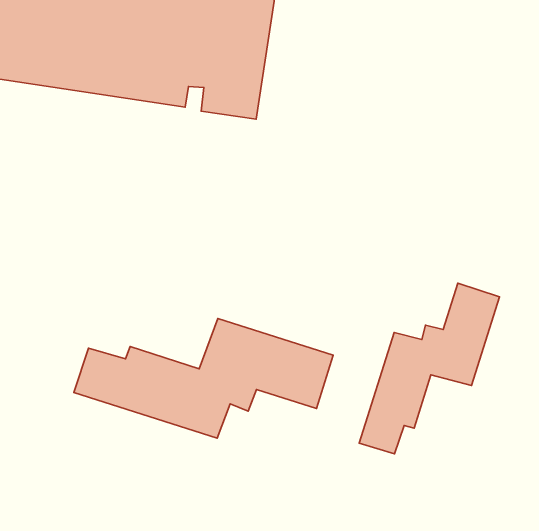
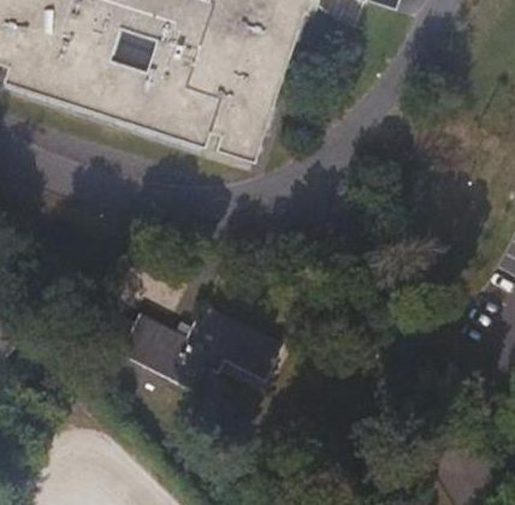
building: [359,283,500,454] -> none

